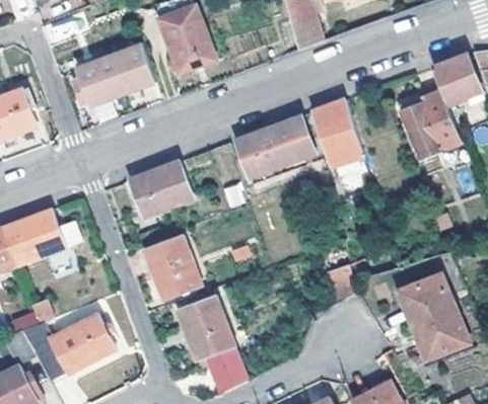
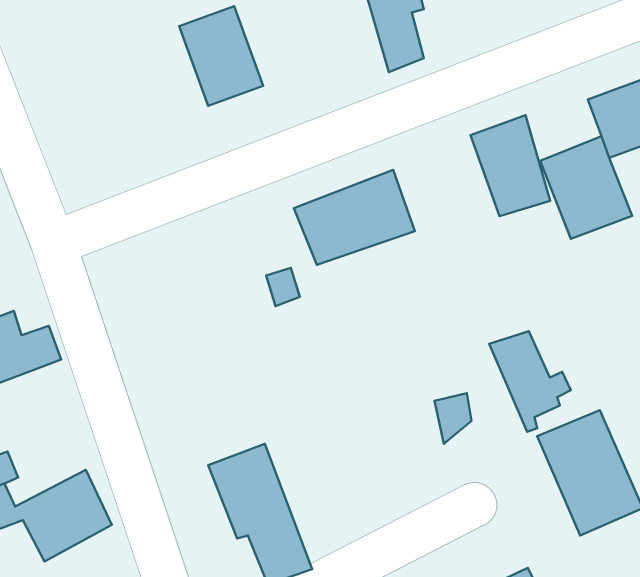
building: [72,43,152,104] -> none
building: [309,99,362,166] -> [470,115,550,216]
building: [130,161,192,216] -> none
building: none -> [489,331,571,432]
building: [144,236,201,299] -> none

